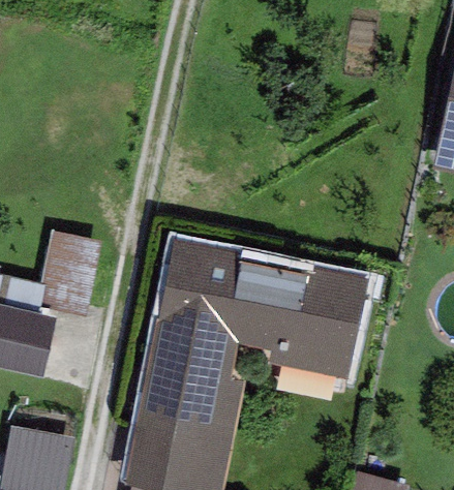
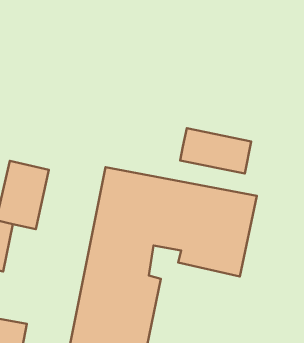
building: none -> [180,128,251,173]

